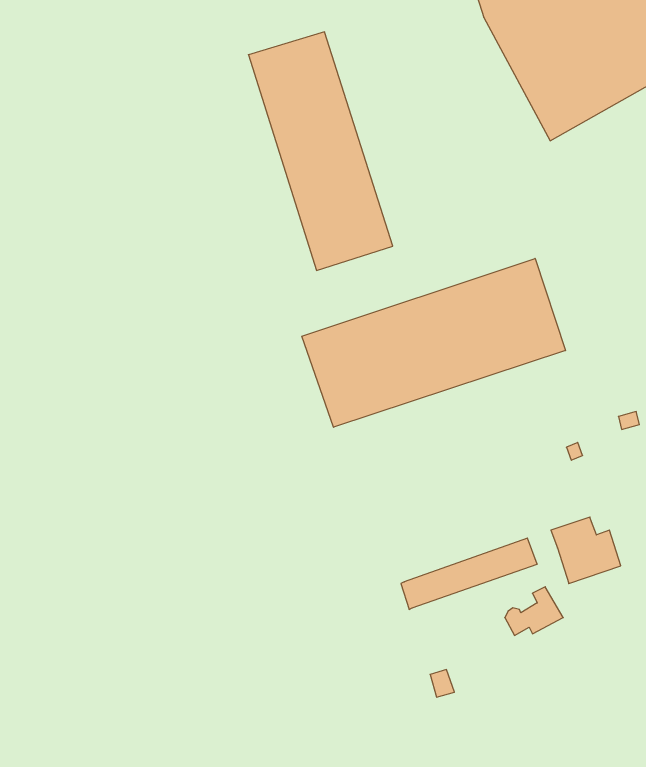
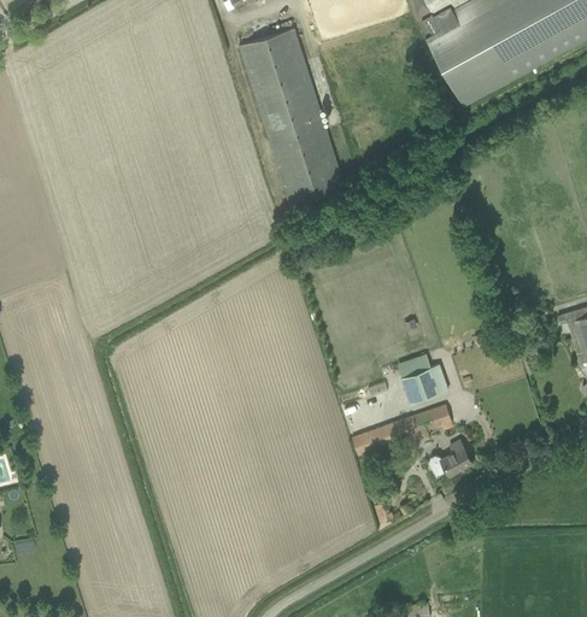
building: [302,258,565,427] -> none
building: [551,517,621,584] -> [397,353,448,402]

